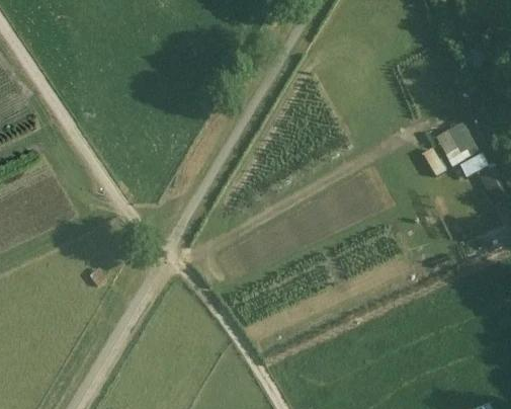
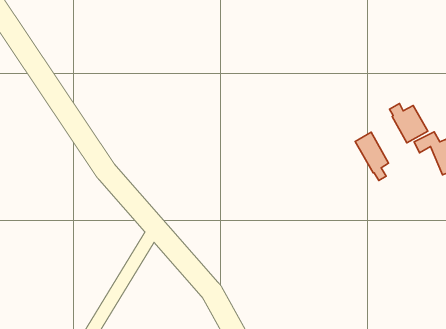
building: none -> [355,132,389,181]

